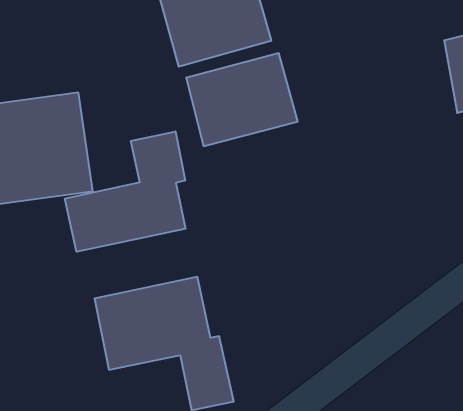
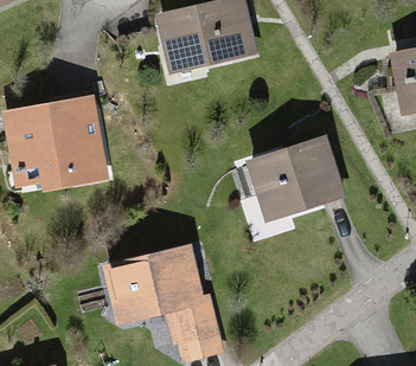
building: [186,53,298,146] -> [249,141,340,217]
building: [65,131,185,252] -> none

